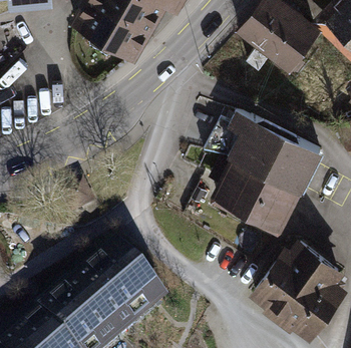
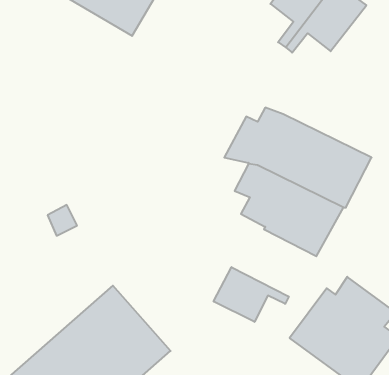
building: none -> [214,267,289,322]

